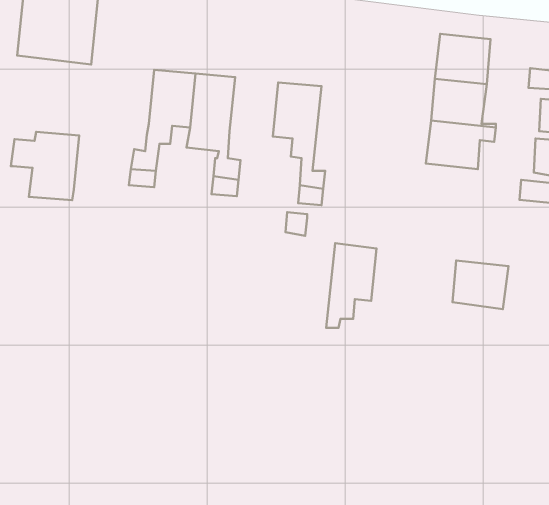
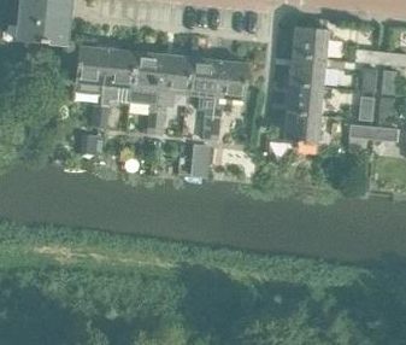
building: none -> [154,54,188,110]
building: [11,132,79,200] -> [59,47,105,93]
building: [326,243,376,328] -> [211,60,245,117]
building: [453,261,508,309] -> [284,112,322,145]

